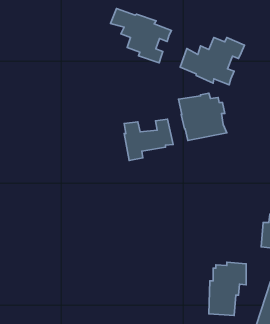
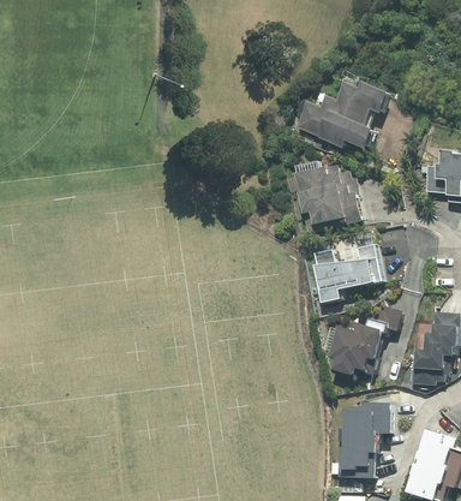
building: [110,9,172,63] -> none
building: [124,119,173,161] -> [313,244,383,303]
building: none -> [329,309,402,376]

